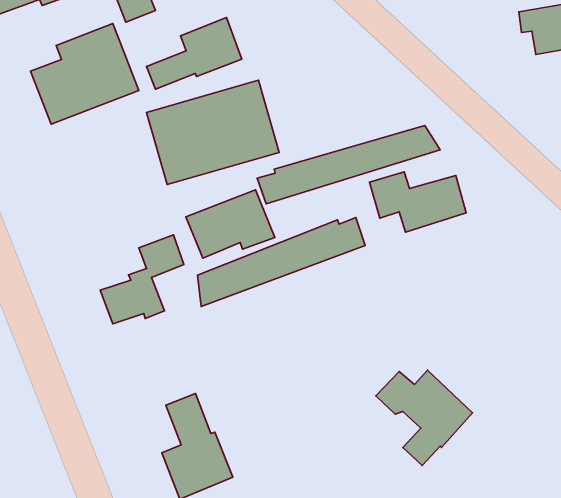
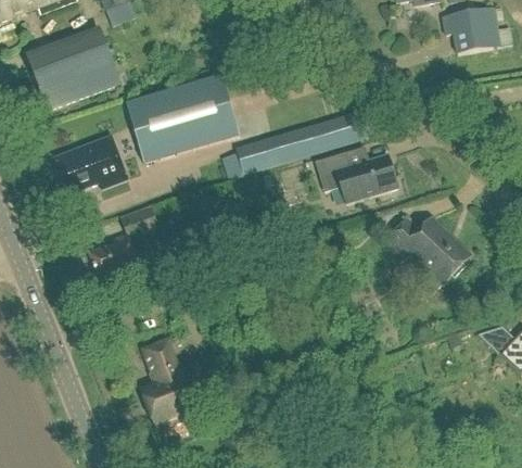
building: [146,18,242,89] -> none
building: [186,190,275,258] -> [52,136,127,193]
building: [197,217,365,306] -> none
building: [376,370,473,466] -> [387,217,469,298]

